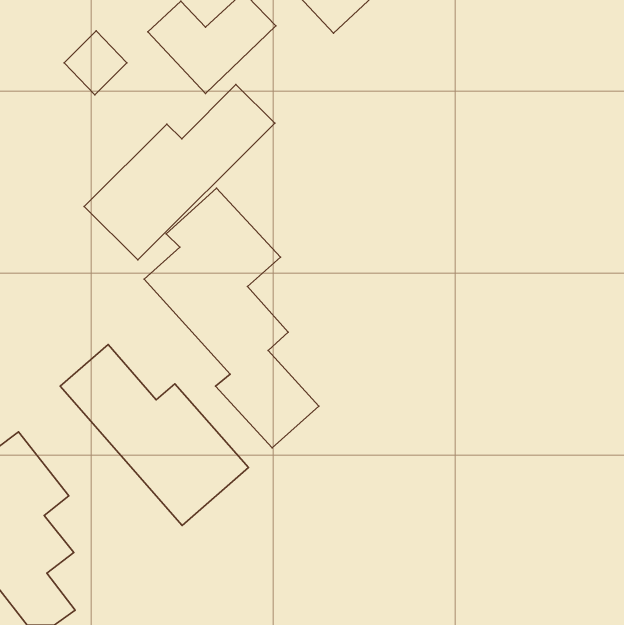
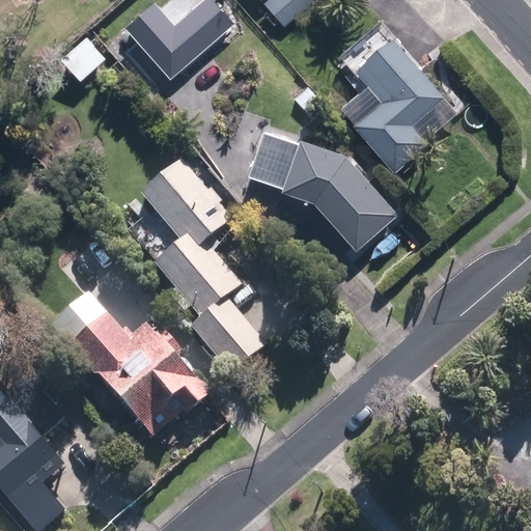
building: none -> [332,22,456,168]
building: [84,84,275,260] -> none
building: none -> [247,130,401,251]

